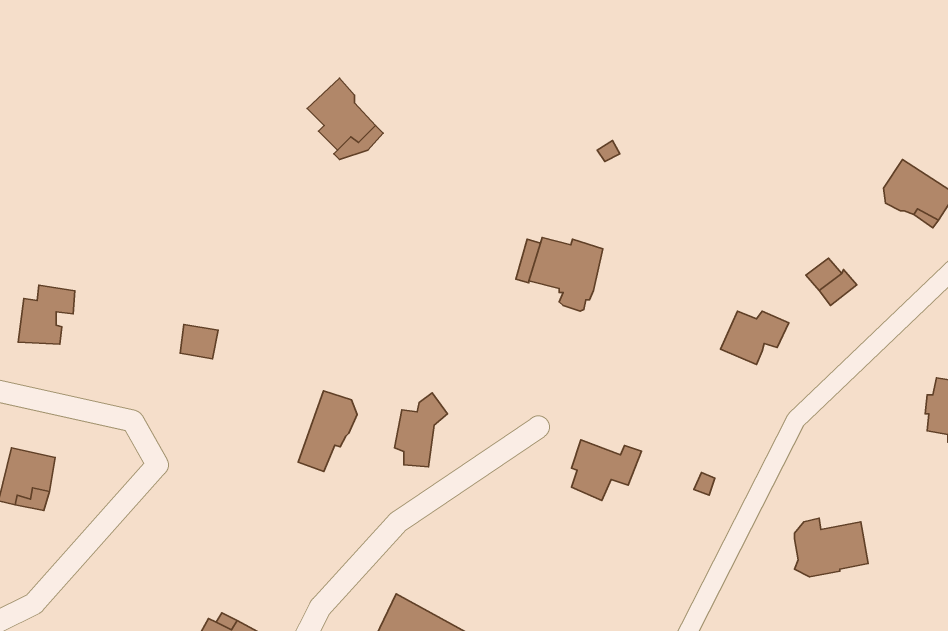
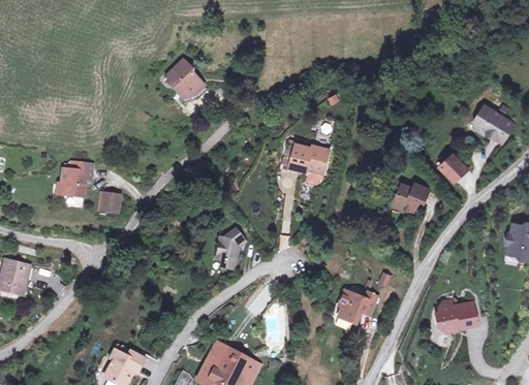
building: [18,285,75,344] -> [61,163,92,195]
building: [298,391,357,471] -> none
building: [571,440,642,500] -> [339,291,377,324]

